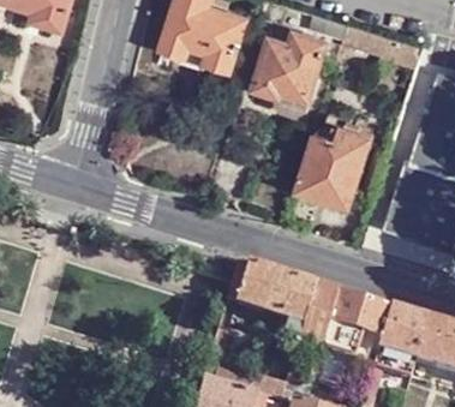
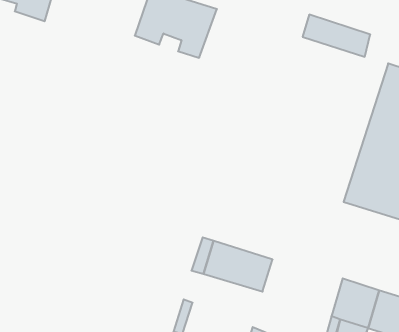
building: [253,24,327,98] -> none
building: [298,128,372,209] -> none
building: [292,292,384,355] -> none

